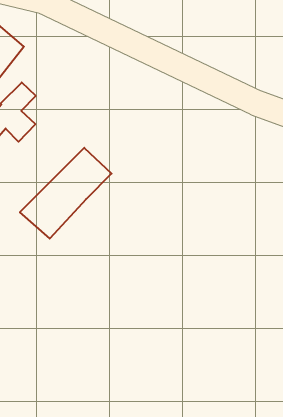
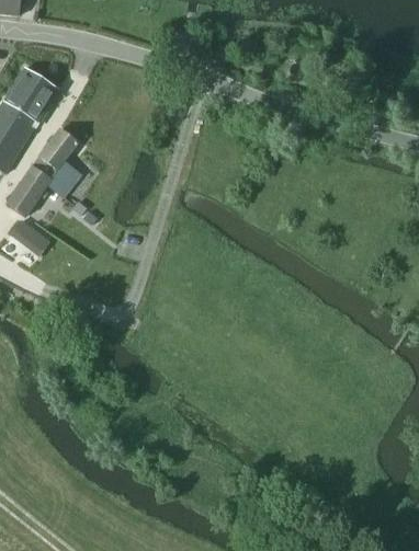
building: [20,148,112,239] -> none

